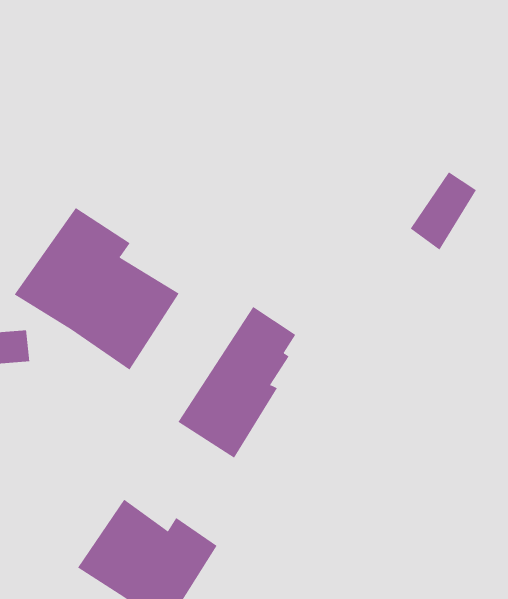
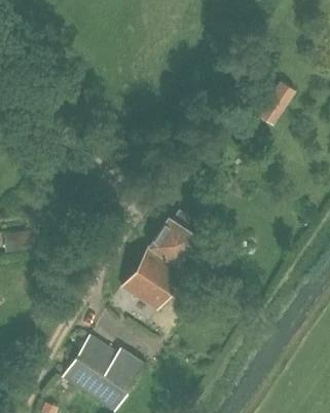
building: [410,172,477,250] -> [256,78,297,126]
building: [14,207,180,370] -> none

